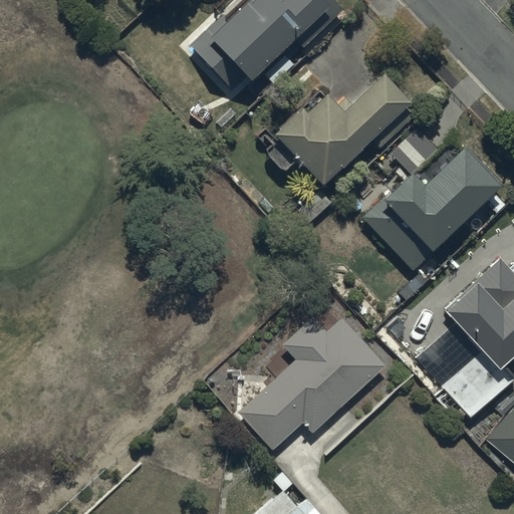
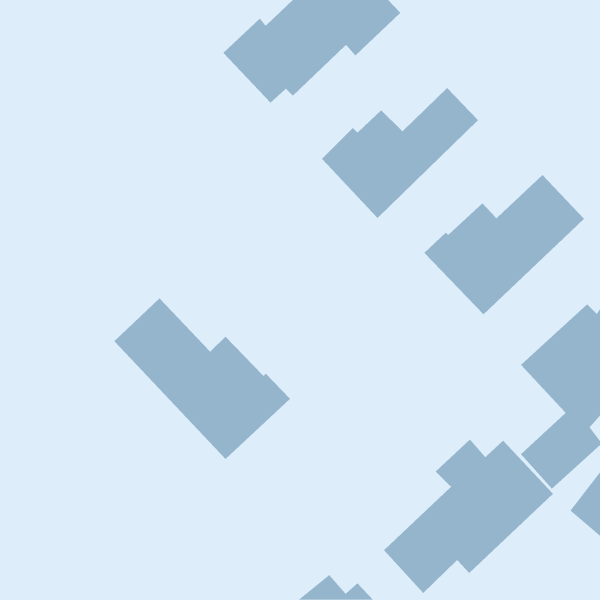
building: none -> [113,297,291,460]
building: [240,317,386,450] -> [383,439,554,594]

